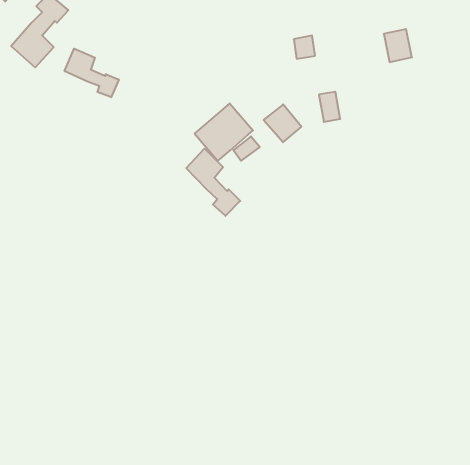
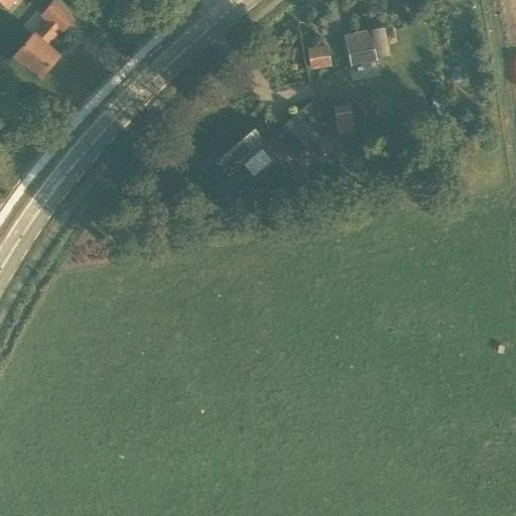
building: [384,29,412,62] -> [348,30,377,64]
building: [65,49,119,97] -> none
building: [186,149,240,216] -> none

